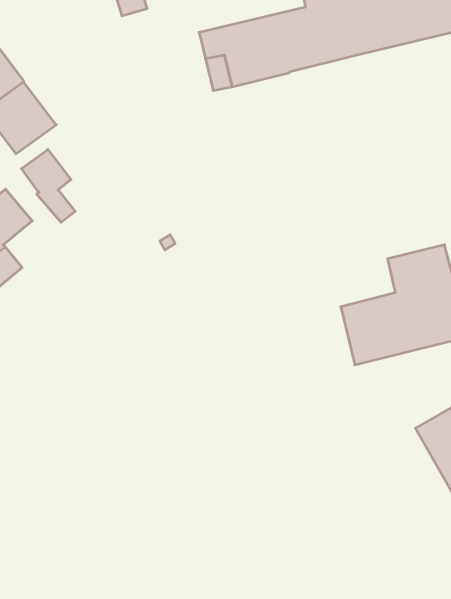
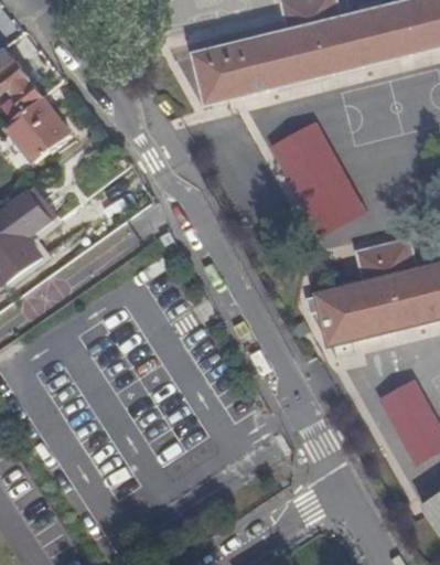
building: none -> [278,125,359,225]
building: [21,149,75,222] -> none

